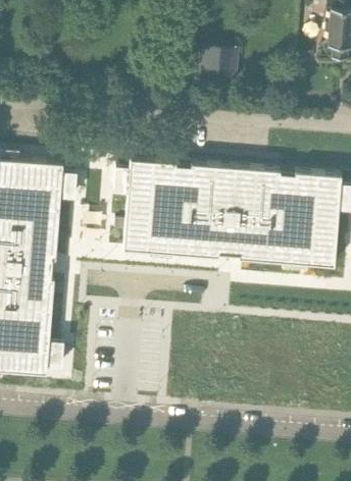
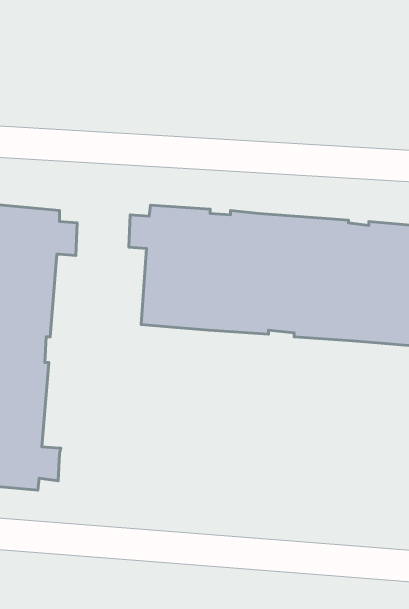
building: [202,48,241,83] -> none

